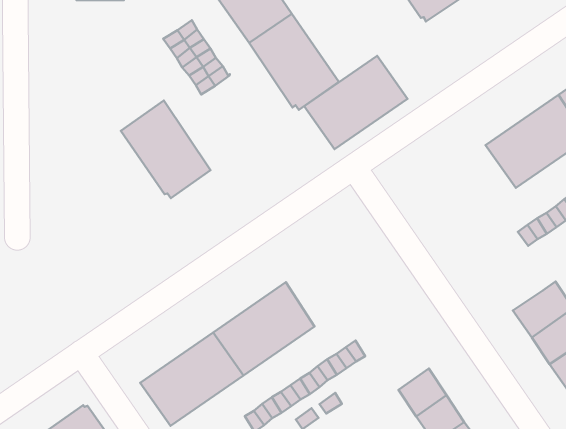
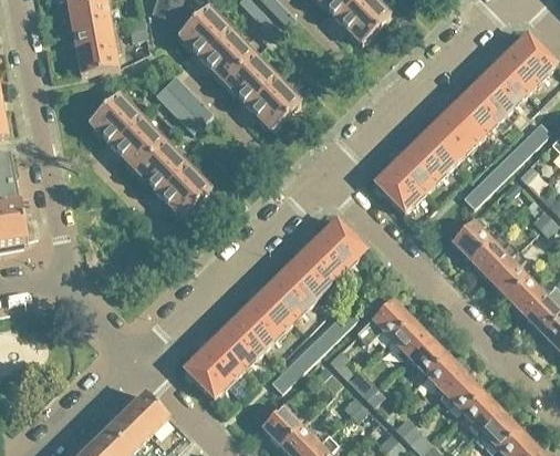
building: none -> [89,93,164,170]
building: [304,56,407,149] -> [374,132,455,211]
building: none -> [286,218,366,299]
building: none -> [450,215,490,259]
building: none -> [357,298,411,342]

